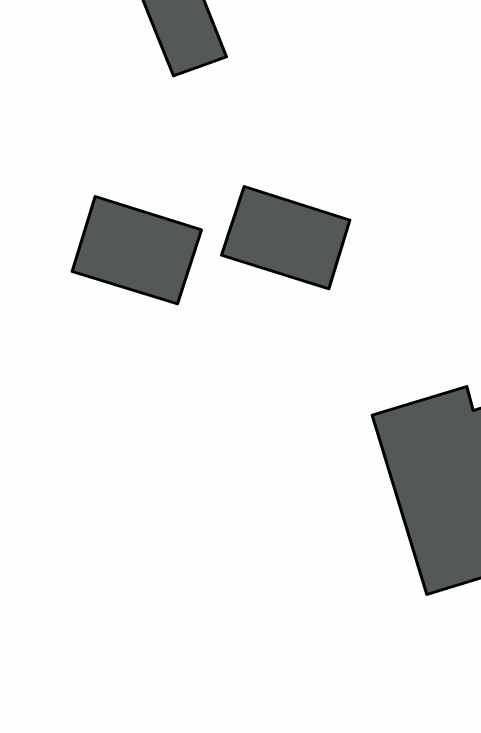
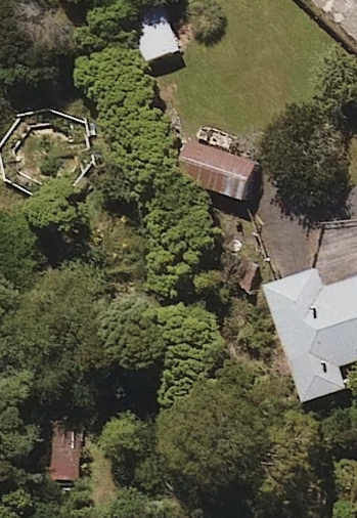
building: [72,197,202,304] -> none

